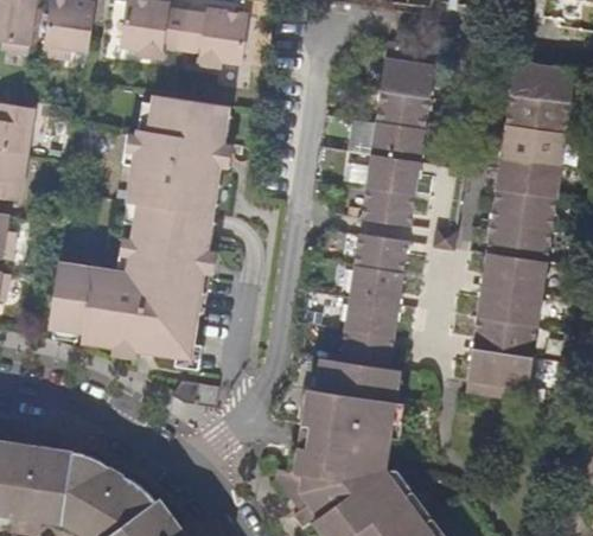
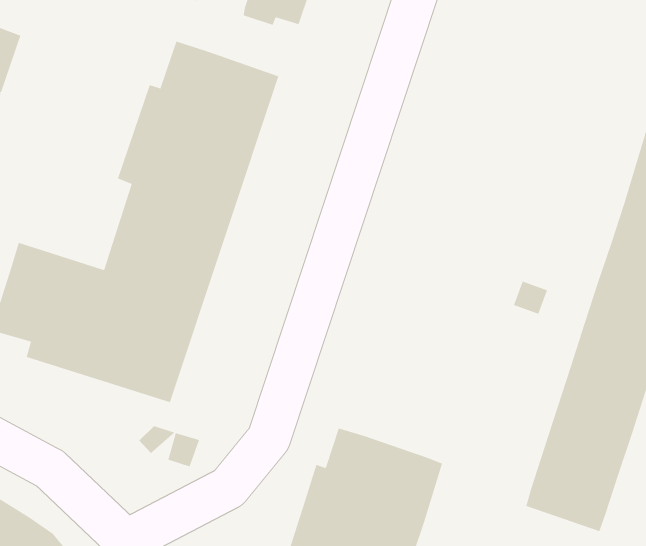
building: [363,42,436,224] -> none
building: [339,234,408,369] -> none

